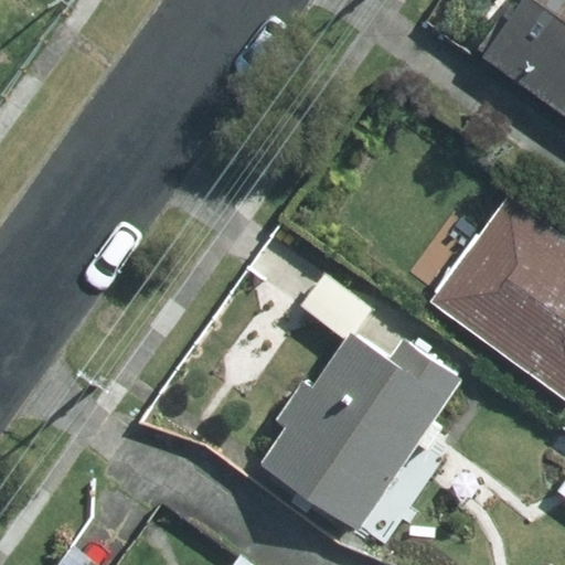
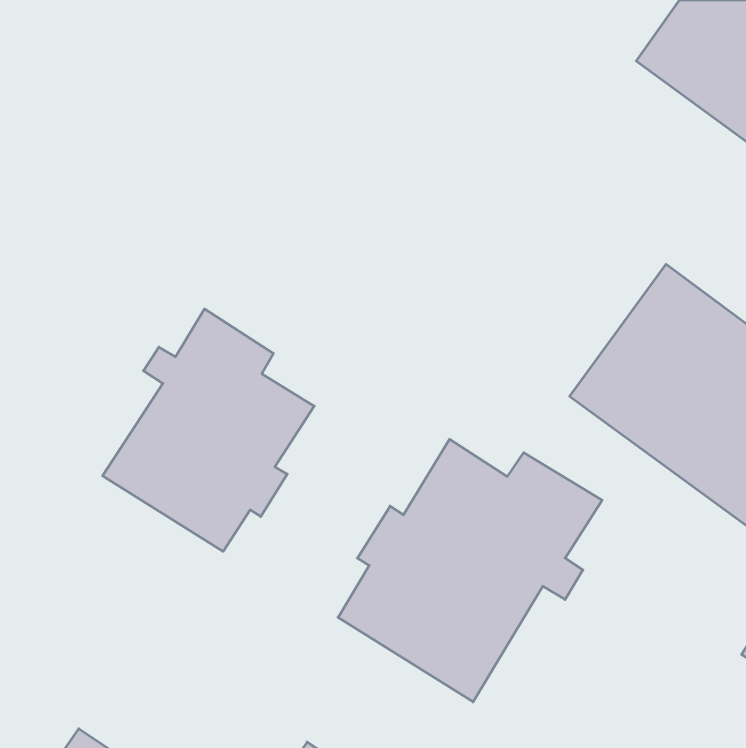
building: none -> [103,309,314,551]

